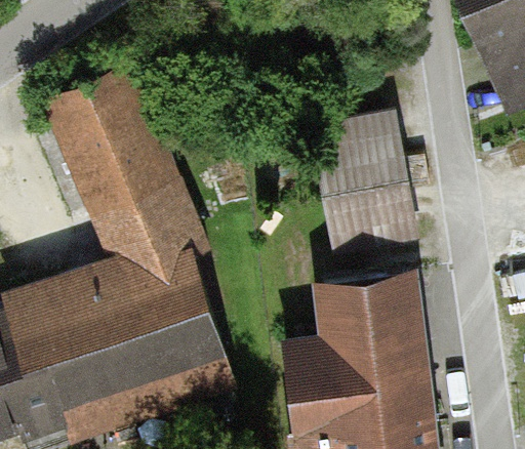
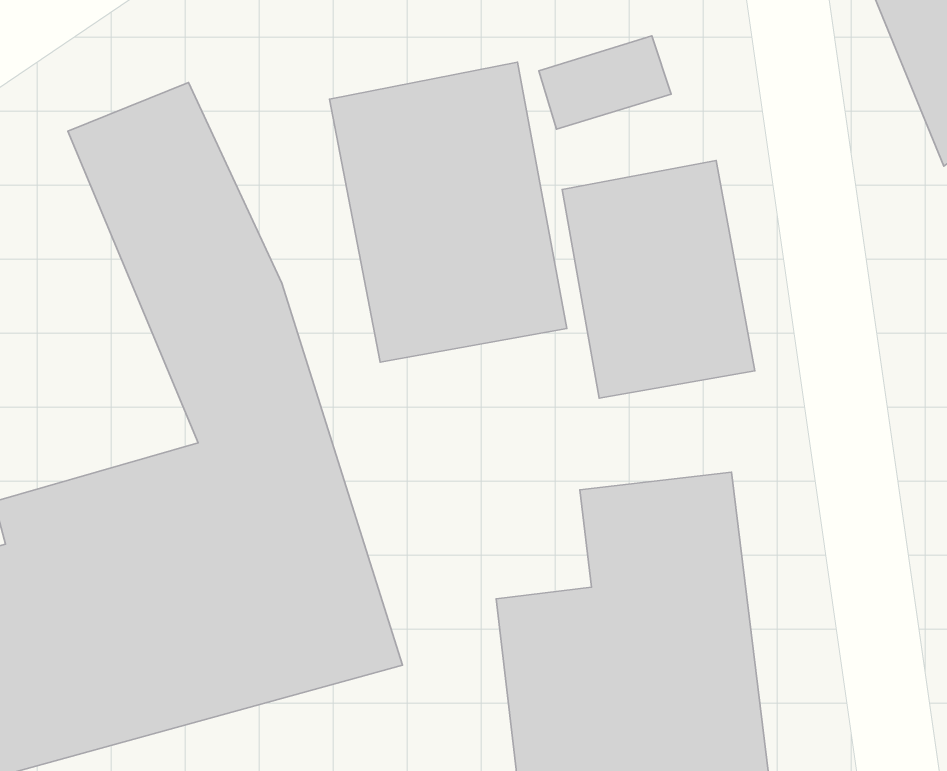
building: none -> [329,62,567,362]

